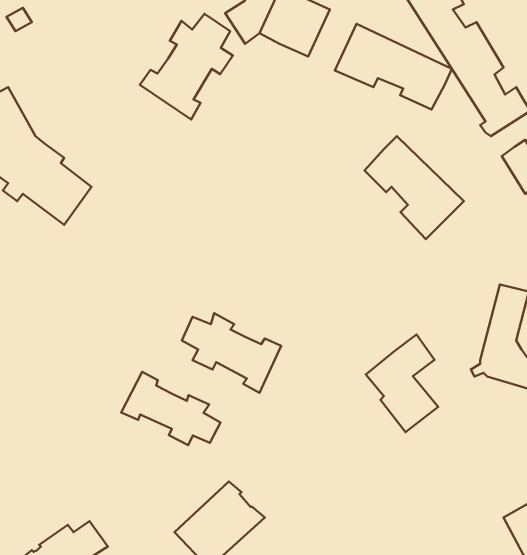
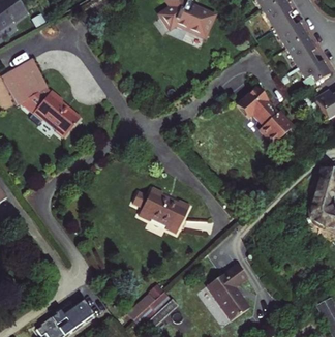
building: [140,14,233,120] -> none
building: [335,24,452,110] -> none
building: [366,335,438,432] -> [207,264,248,319]
building: [121,372,220,445] -> none

